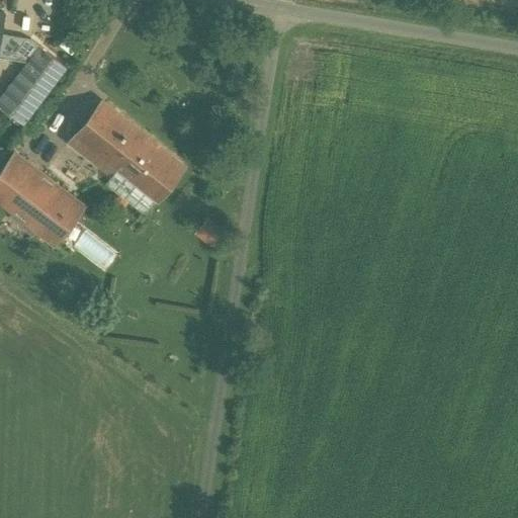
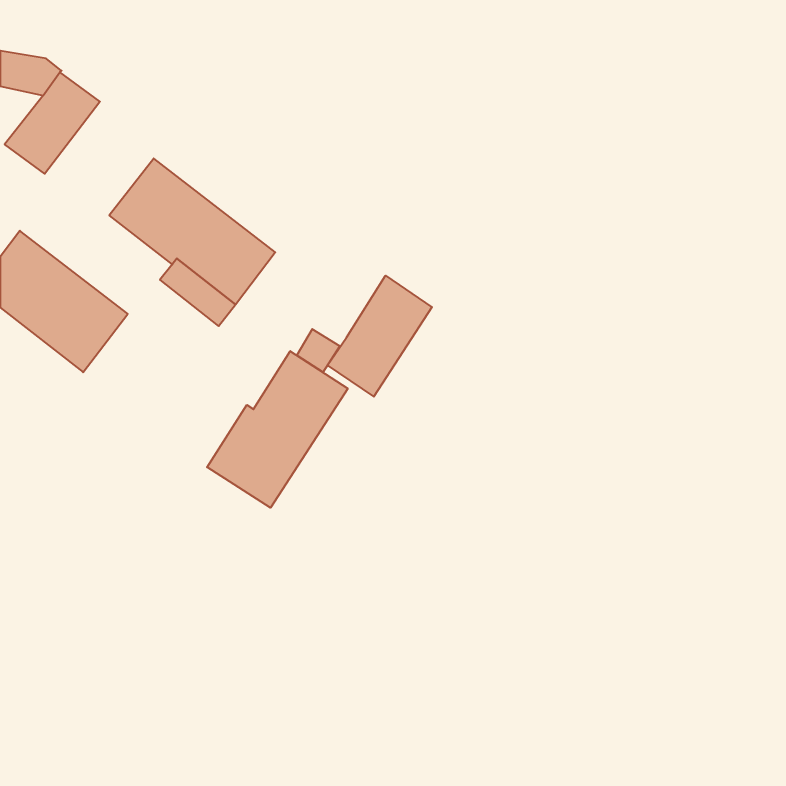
building: none -> [328,276,432,397]
building: none -> [207,351,348,508]

